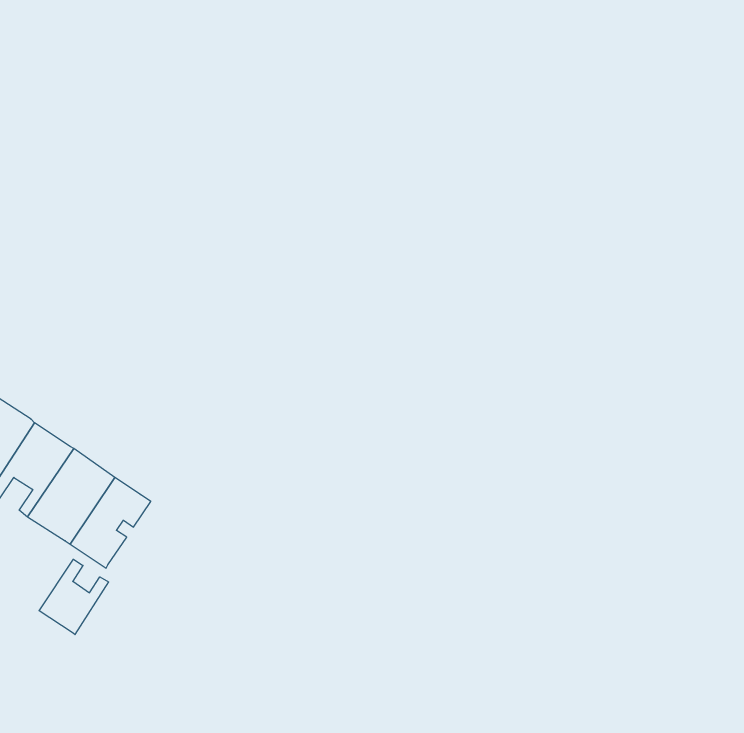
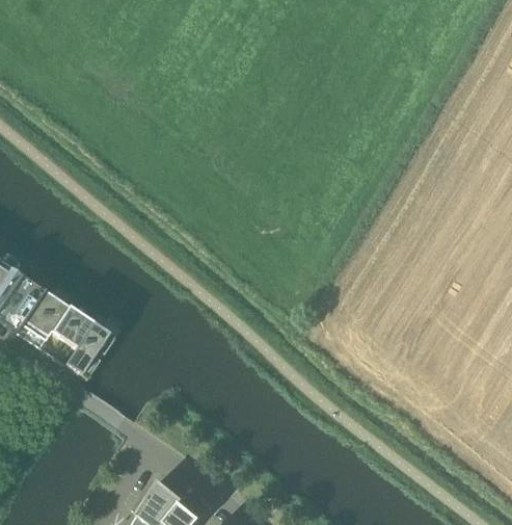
building: [39,559,109,635] -> none

